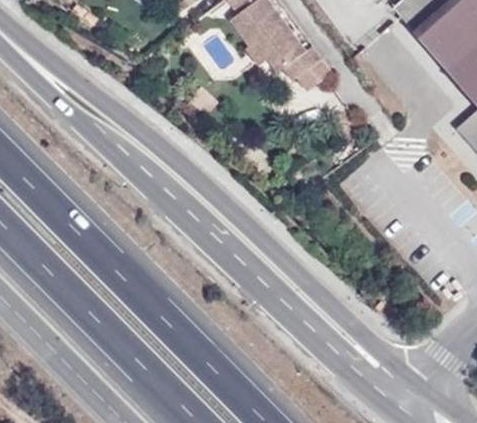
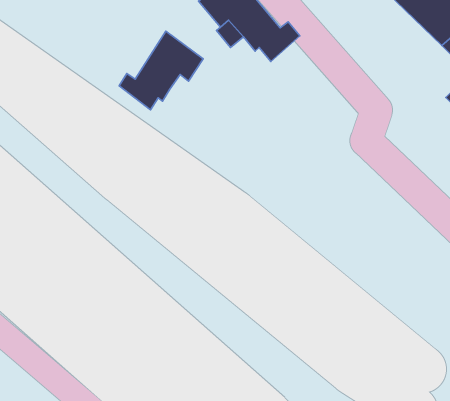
building: none -> [119,31,203,110]

